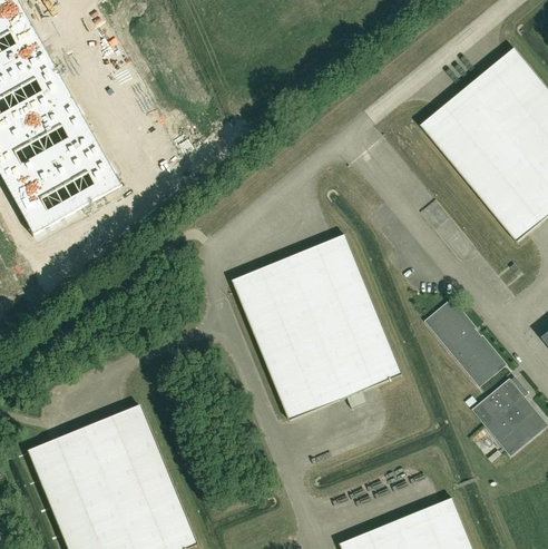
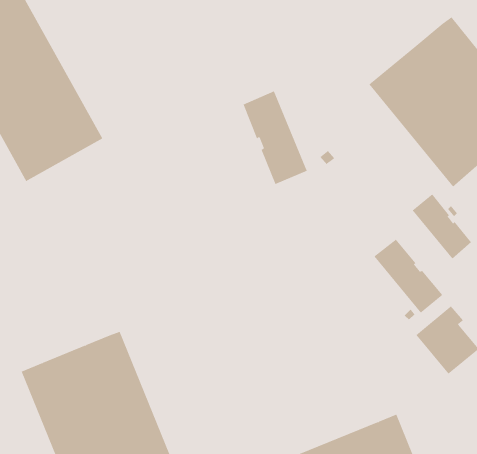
building: none -> [243,90,307,185]
building: [232,234,402,420] -> none
building: none -> [412,194,472,259]

